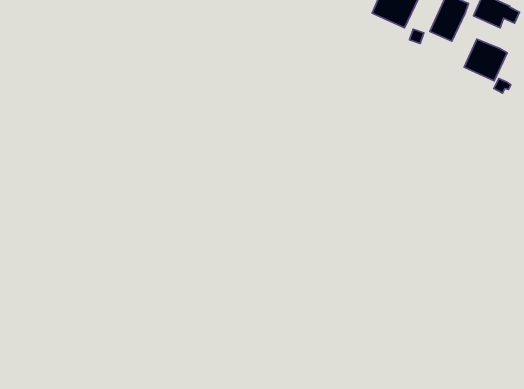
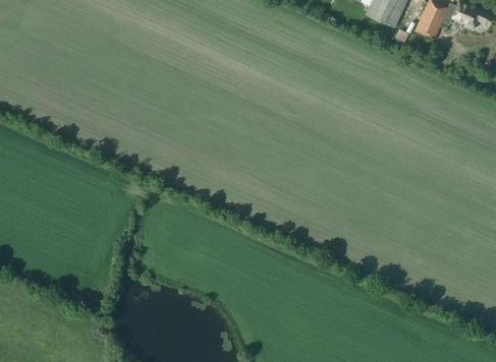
building: [464,39,507,81] -> none

